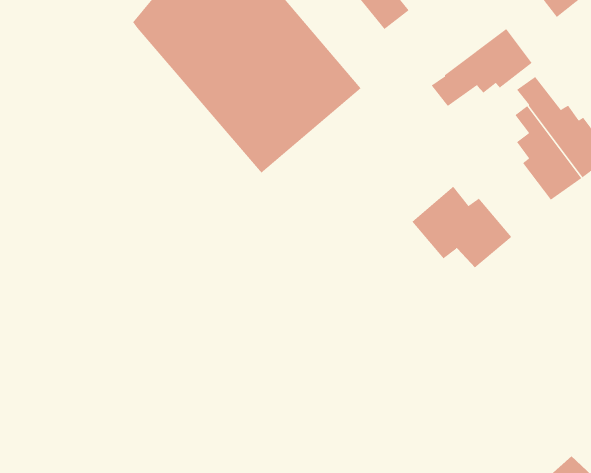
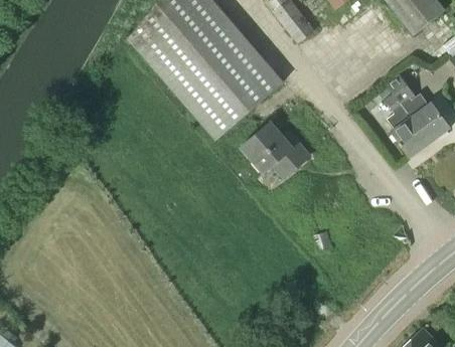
building: [431,28,532,107] -> none
building: [412,186,512,268] -> [243,121,310,176]

